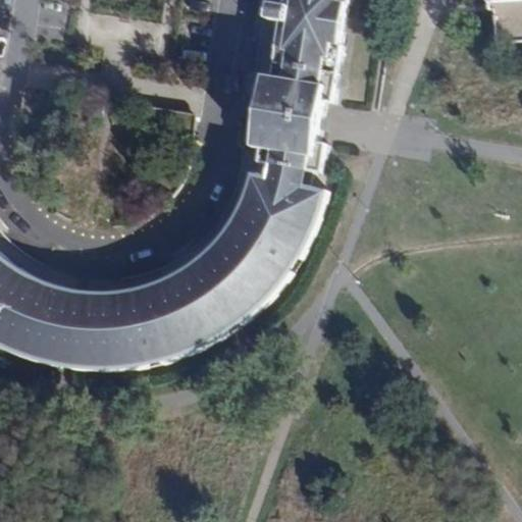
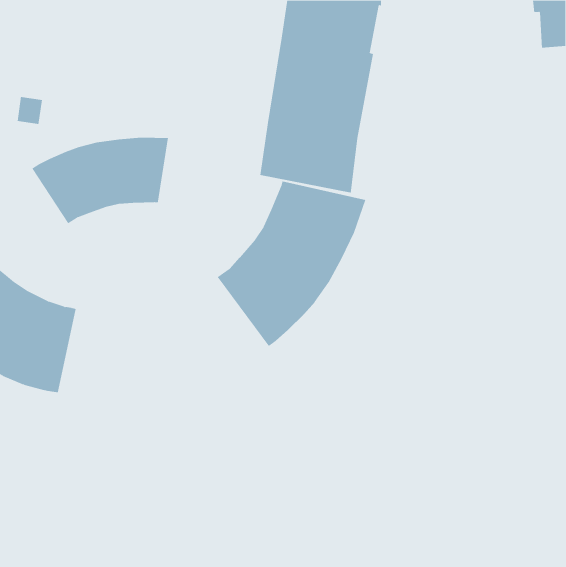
building: none -> [32,137,169,224]
building: [72,264,230,367] -> none

